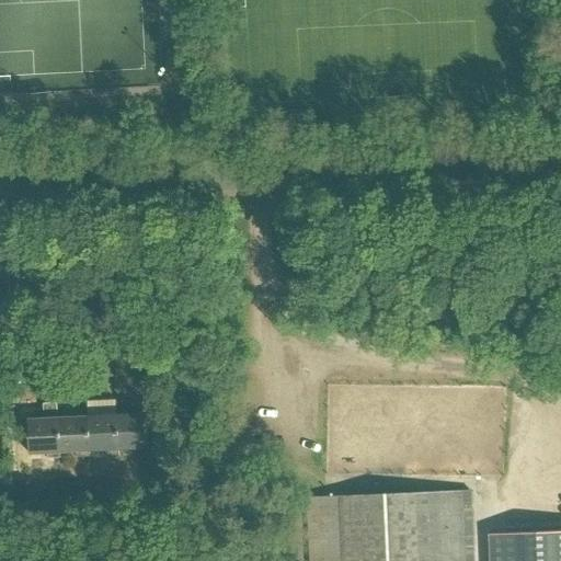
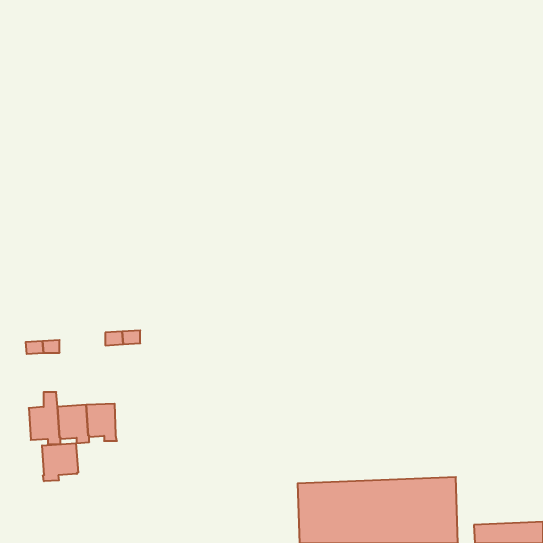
building: [118,415,150,454] -> none
building: none -> [42,443,78,481]

